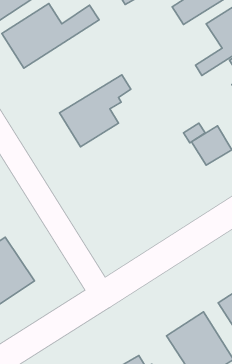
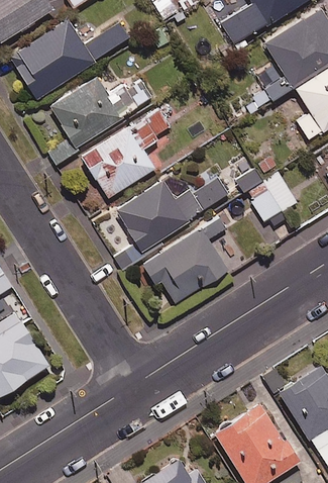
building: none -> [49,76,151,147]
building: none -> [116,178,227,251]
building: none -> [141,216,228,303]

